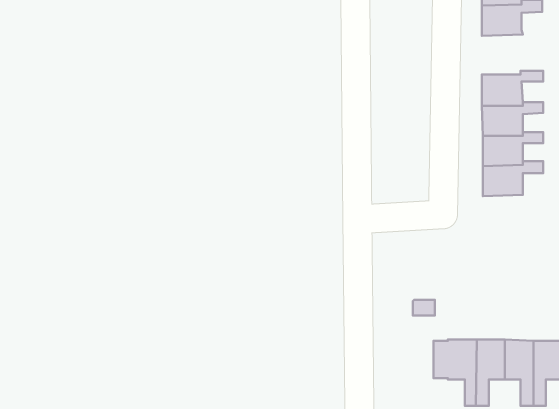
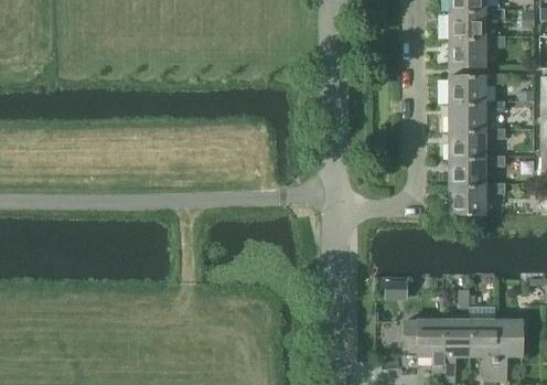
building: none -> [449,34,505,66]
building: none -> [450,182,506,214]

